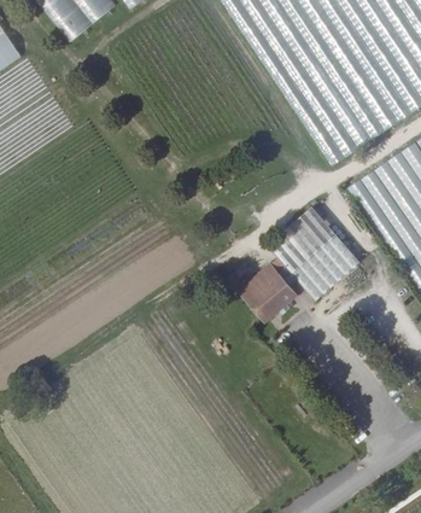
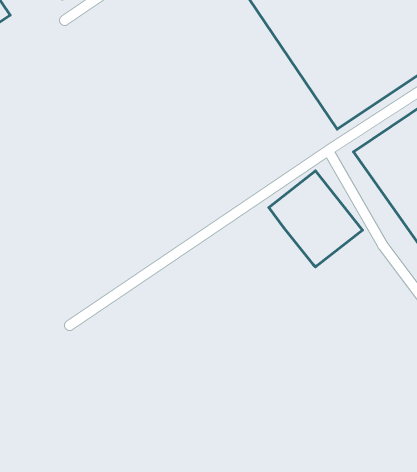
building: [240,258,311,319] -> none

